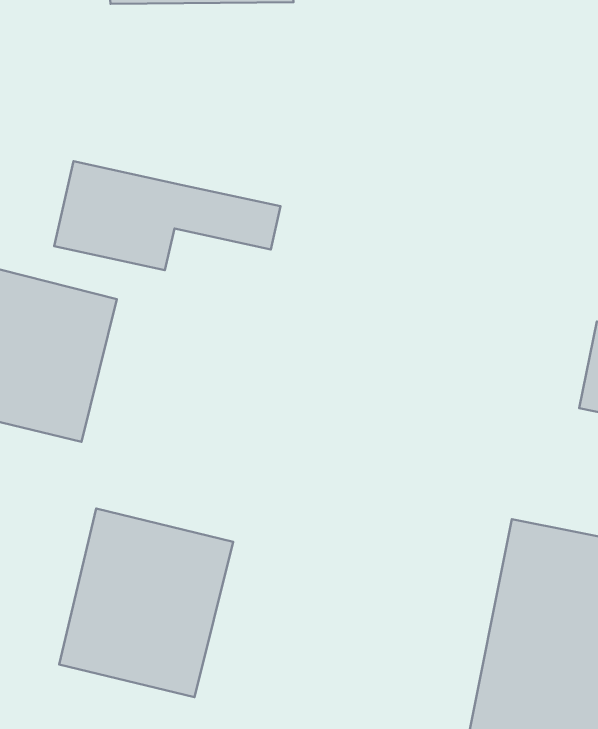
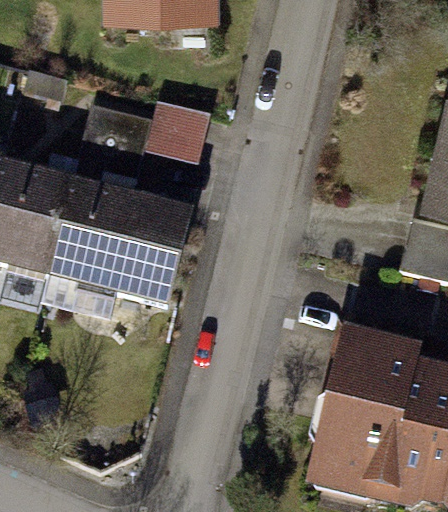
building: none -> [88,196,198,307]
building: [59,508,233,697] -> none

